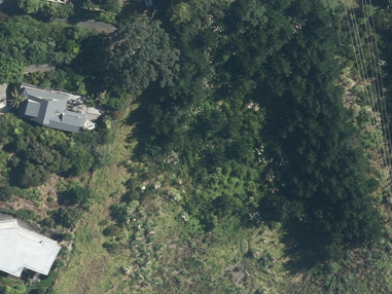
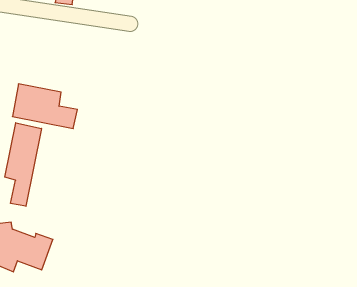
building: none -> [5,123,41,206]

